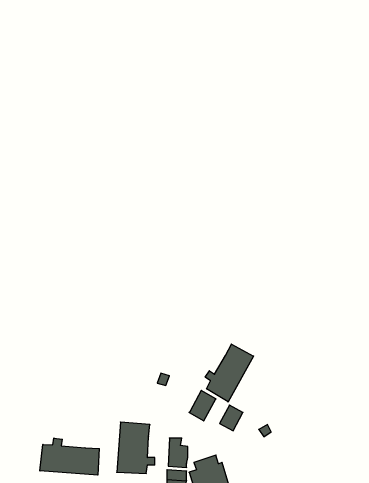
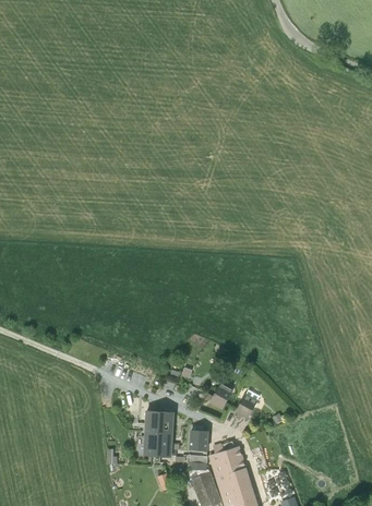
building: [205,344,254,402] -> none
building: [40,438,99,475] -> none

